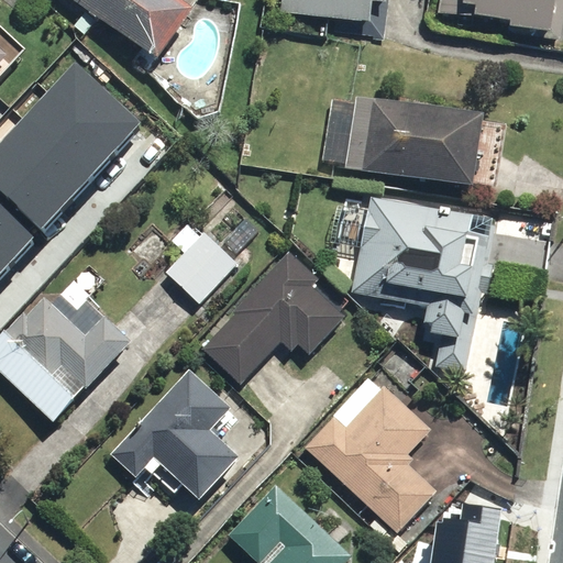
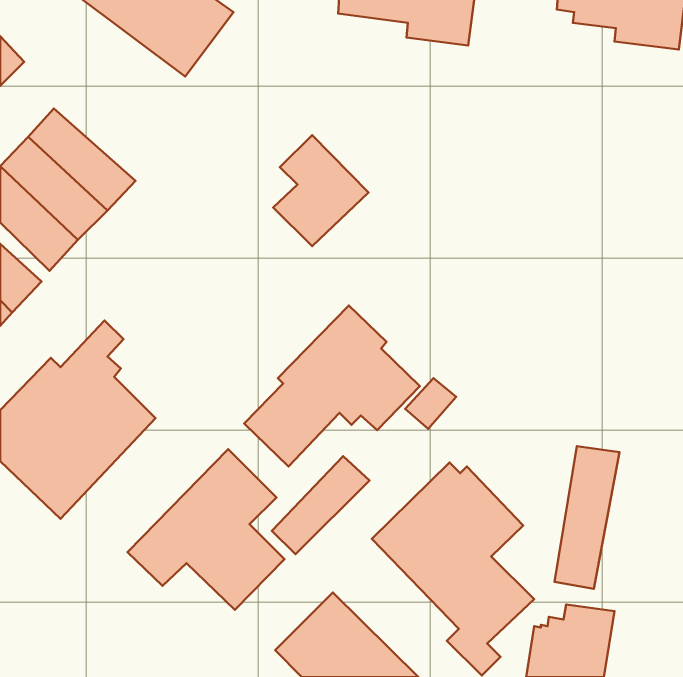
building: [46,56,144,148] -> none
building: [322,99,503,191] -> none
building: [332,192,495,369] -> none
building: [165,212,243,303] -> [273,135,369,246]
building: none -> [555,446,619,589]
building: none -> [272,456,370,554]

